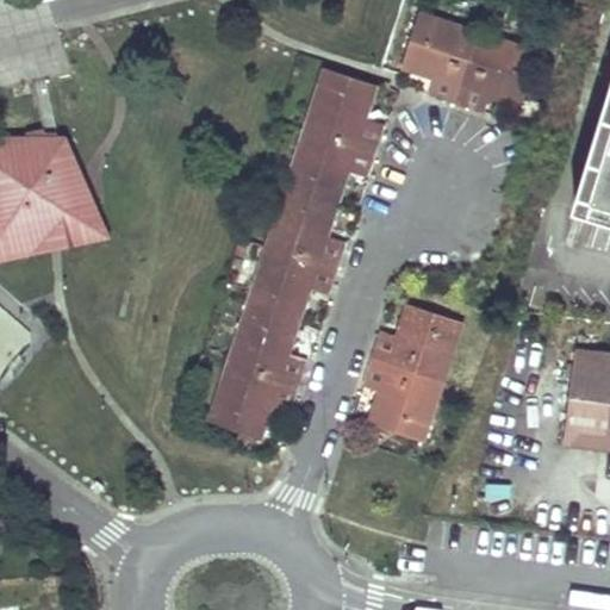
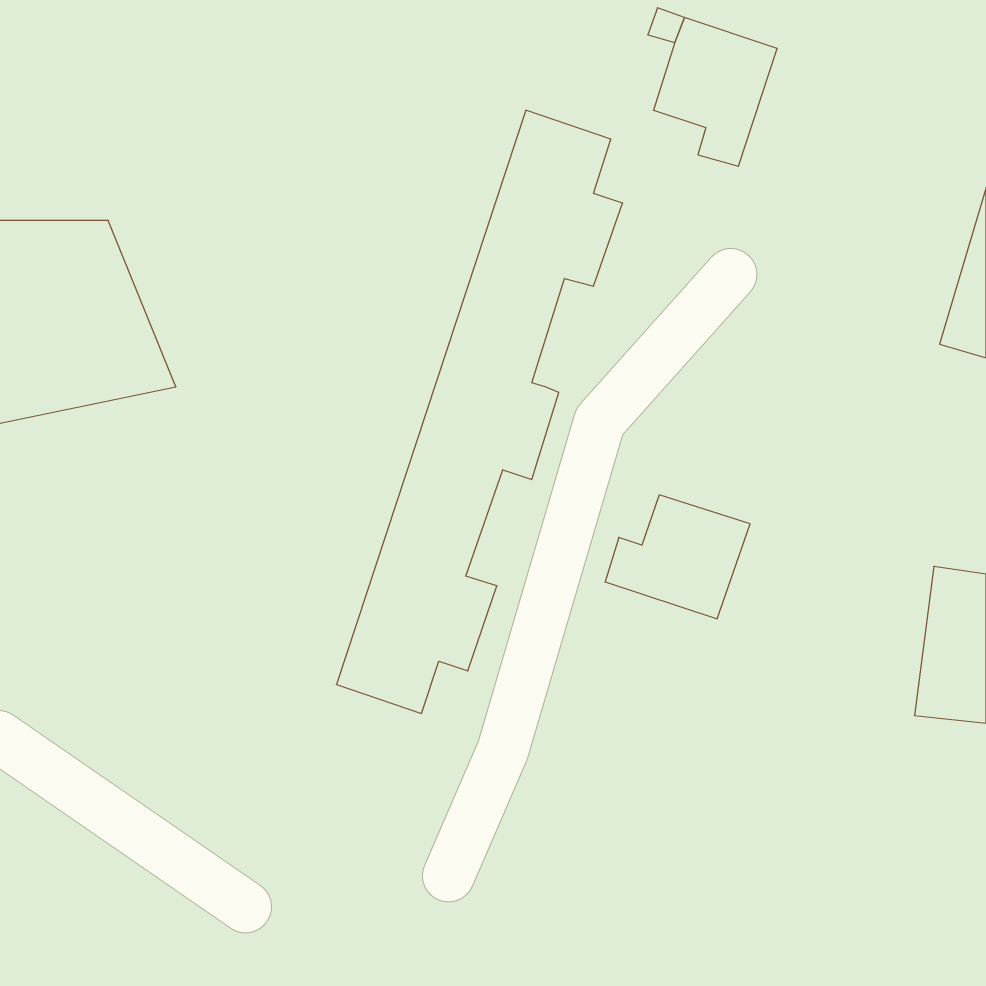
building: [455,30,540,112] -> none
building: [363,359,442,441] -> none

